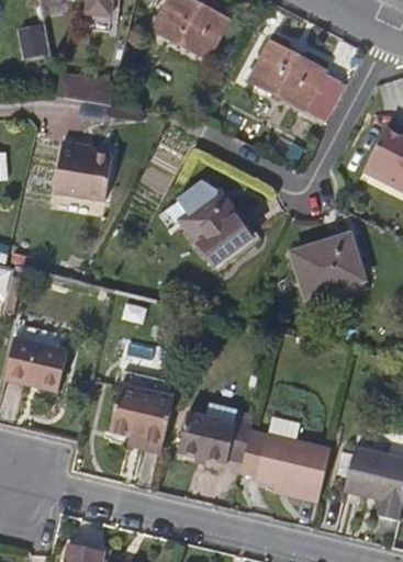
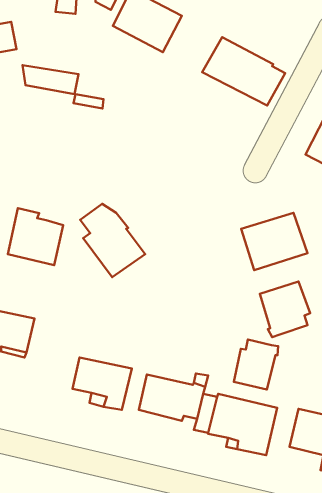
building: [52,144,112,206] -> [8,208,63,265]
building: [178,181,249,261] -> [80,204,145,277]
building: none -> [260,281,310,337]
building: none -> [234,340,278,389]

